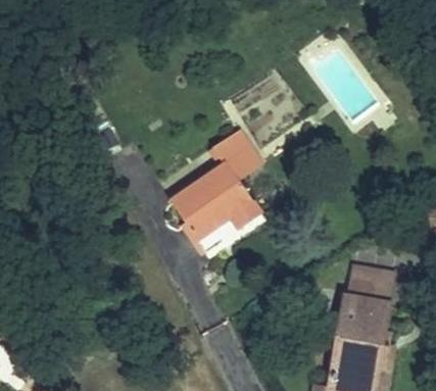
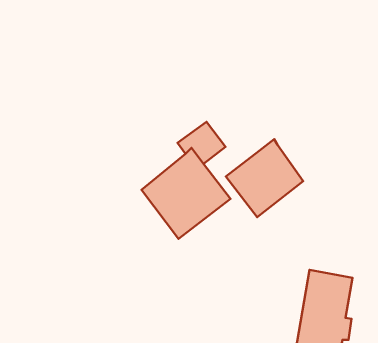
building: none -> [226,139,303,217]

